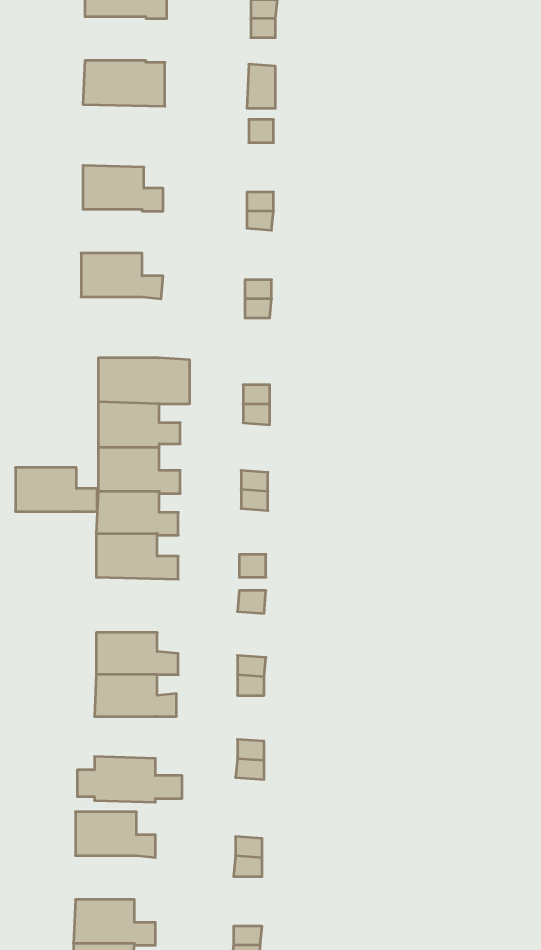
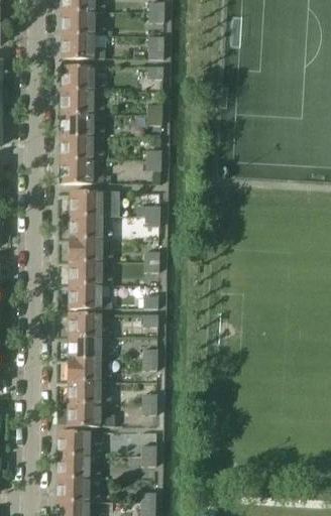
building: none -> [63,12,105,36]
building: none -> [62,68,105,92]
building: none -> [61,114,104,138]
building: none -> [61,160,104,184]
building: [15,468,97,511] -> [69,314,112,338]
building: none -> [68,382,111,404]
building: none -> [58,456,100,480]

